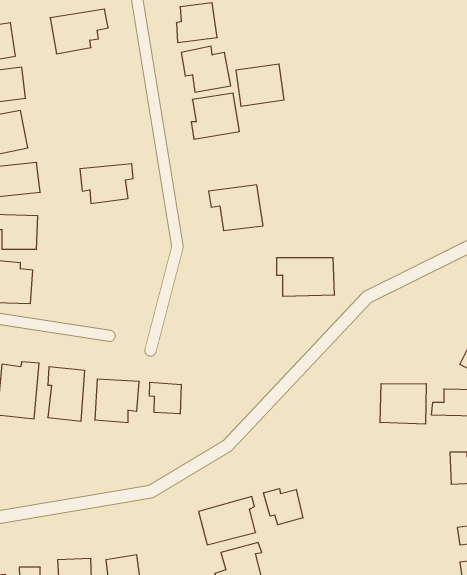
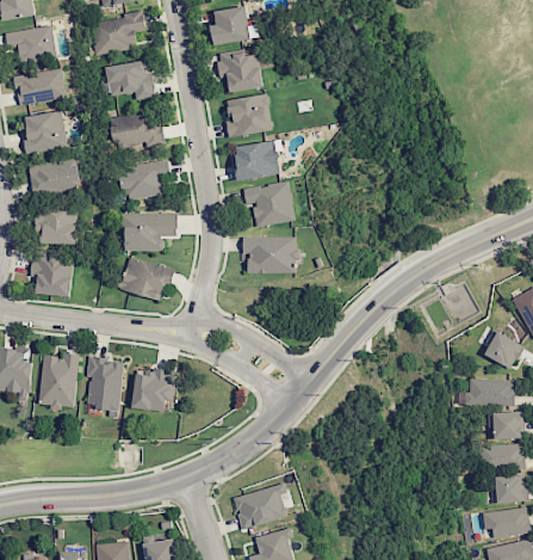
building: none -> [105,60,156,98]
building: [236,64,284,106] -> [233,140,279,180]
building: none -> [110,116,154,146]
building: none -> [120,213,176,251]
building: [276,258,335,296] -> [242,236,298,273]
building: none -> [119,257,173,301]
building: [149,382,181,414] -> none
building: [380,384,426,424] -> none
building: [264,489,303,525] -> none

